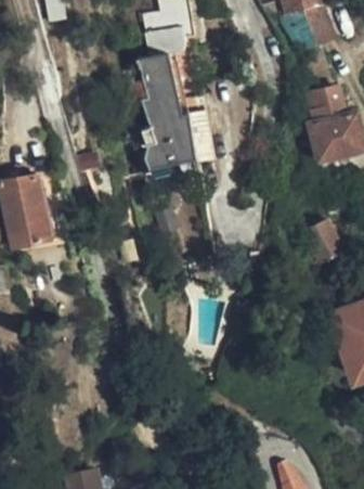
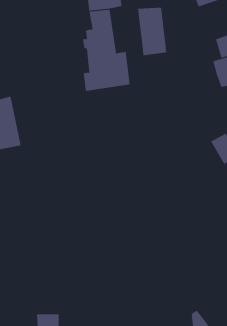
building: none -> [137,7,167,56]

